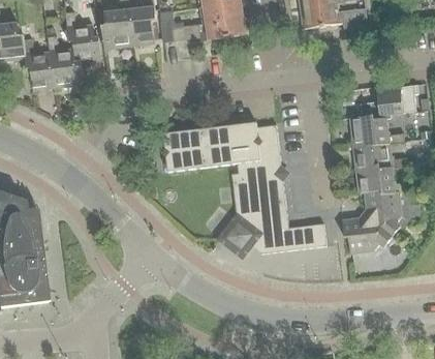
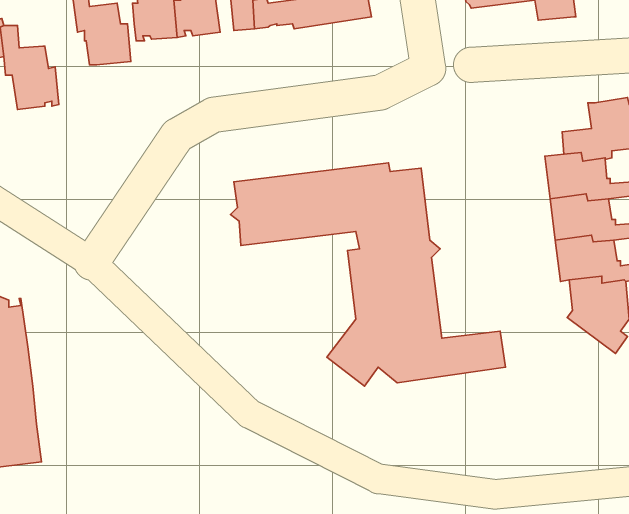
building: [48,34,84,85] -> none
building: [342,213,393,251] -> none

